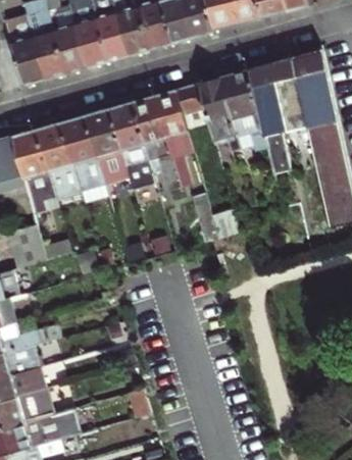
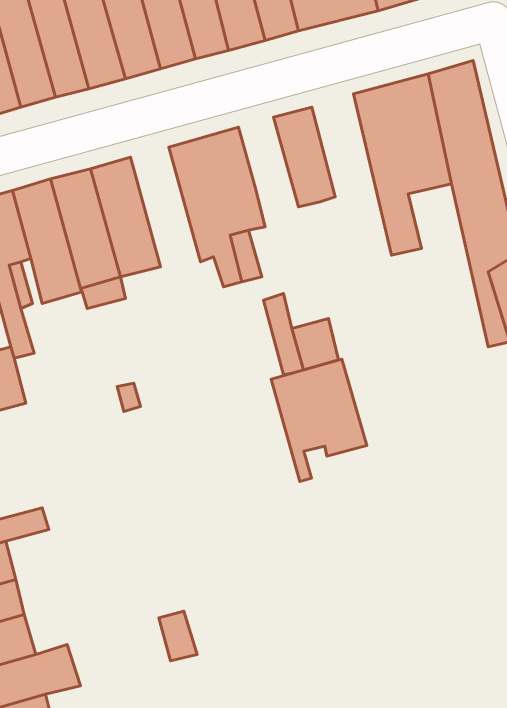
building: [220,70,269,173] -> none
building: [175,85,207,127] -> none
building: [109,103,154,190] -> none
building: none -> [271,359,367,482]

